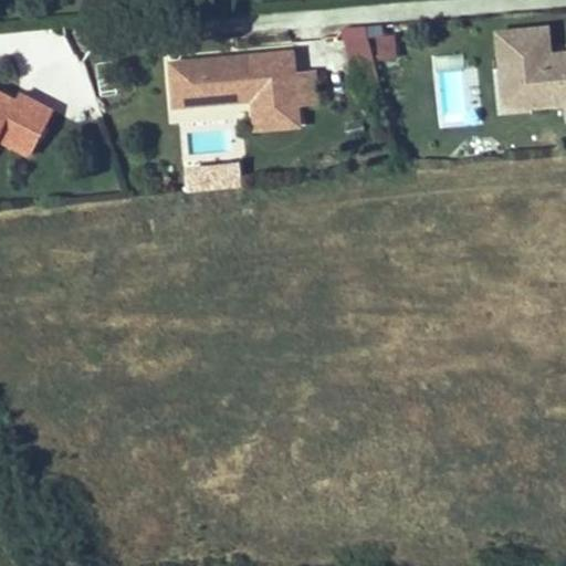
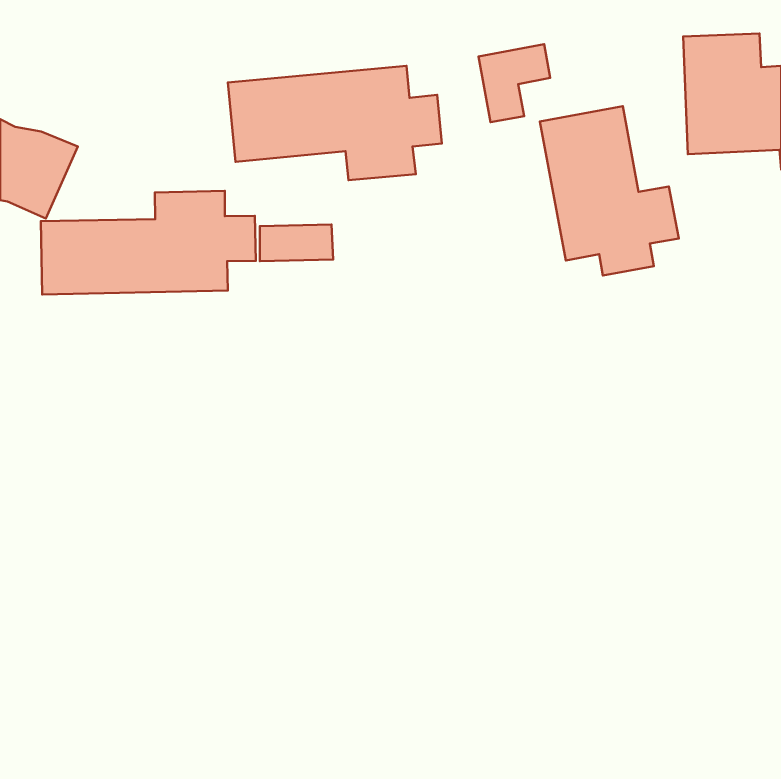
building: none -> [540,106,679,276]
building: none -> [41,191,256,294]

